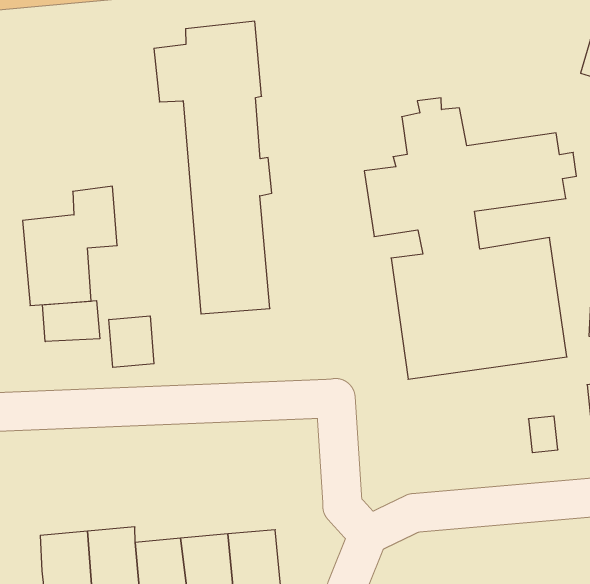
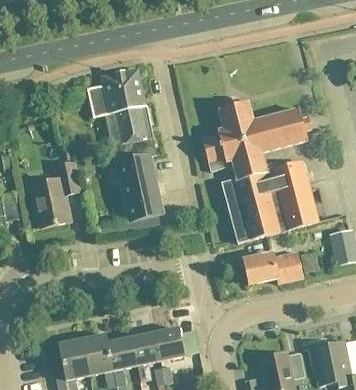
building: [42,301,100,342] -> none
building: [109,316,154,367] -> none
building: none -> [245,251,303,283]

